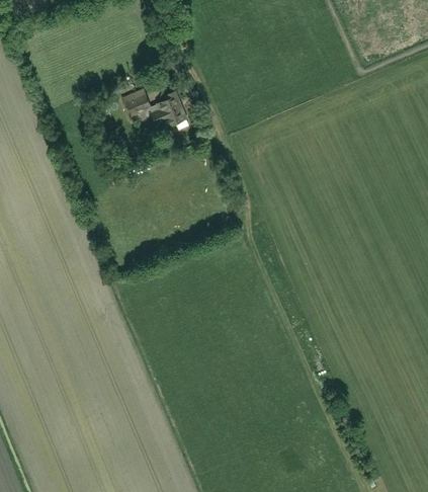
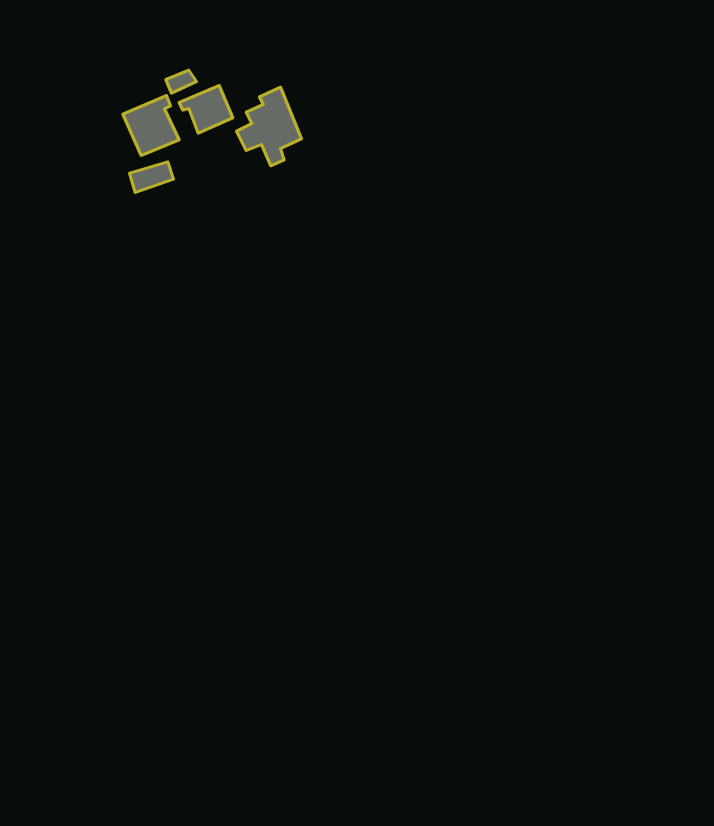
building: none -> [123,95,179,155]

